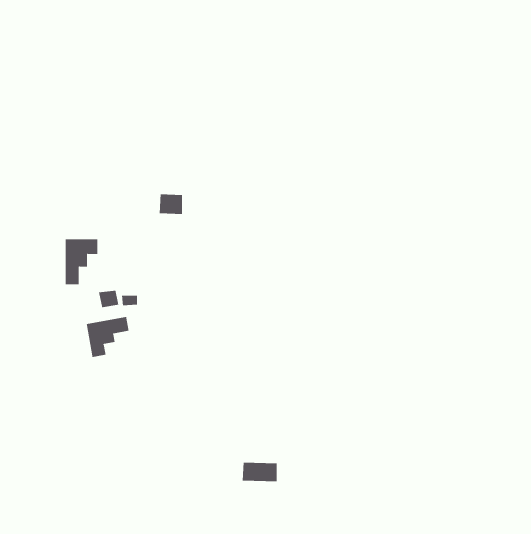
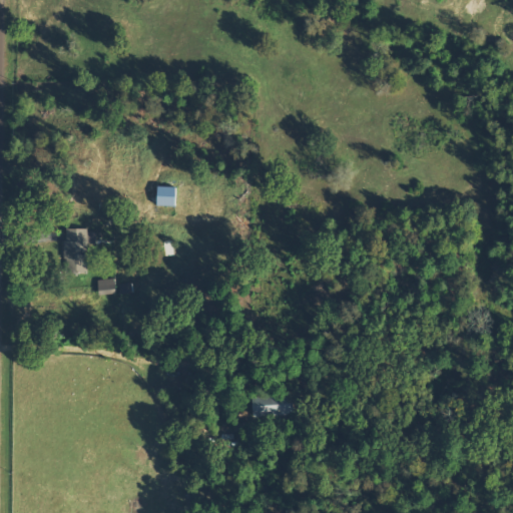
building: [86,316,129,358] -> none
building: [242,462,277,482] -> [251,397,286,416]

